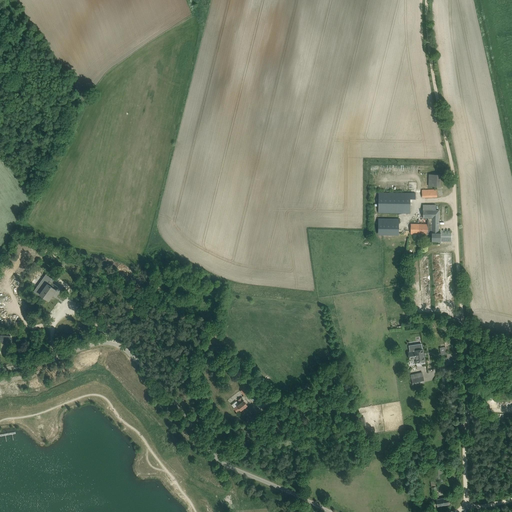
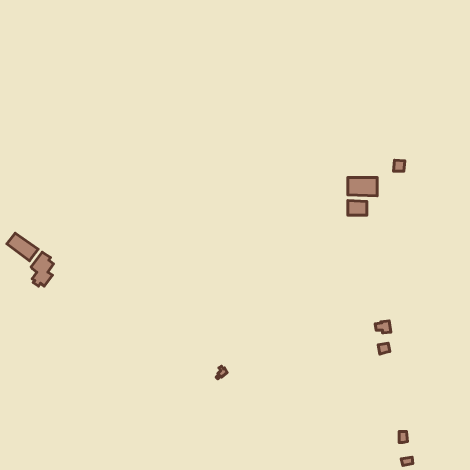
building: [411,204,441,242] -> none
building: none -> [7,233,38,261]

